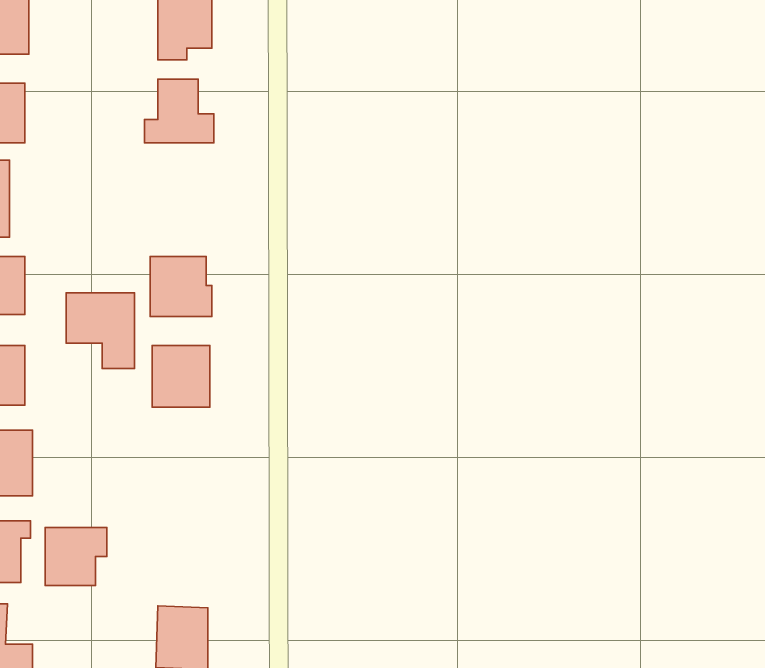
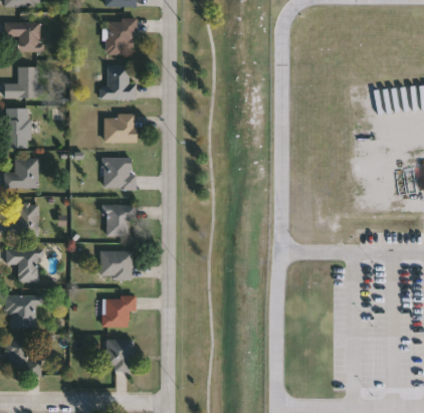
building: none -> [102,115,136,143]
building: [66,293,134,369] -> none
building: none -> [99,250,133,278]
building: [45,528,107,586] -> [102,296,135,327]

